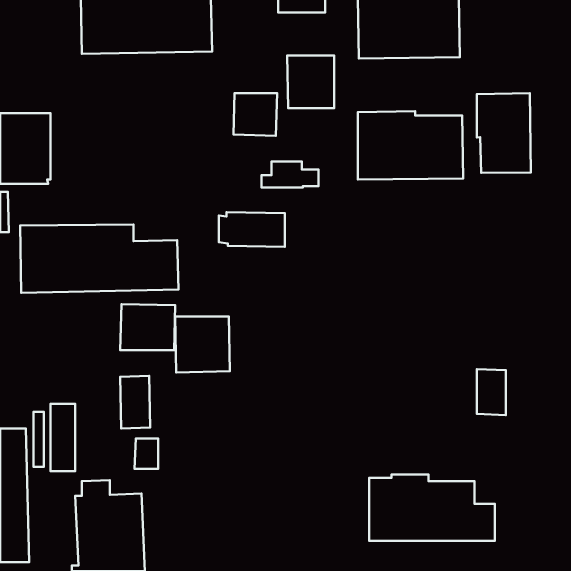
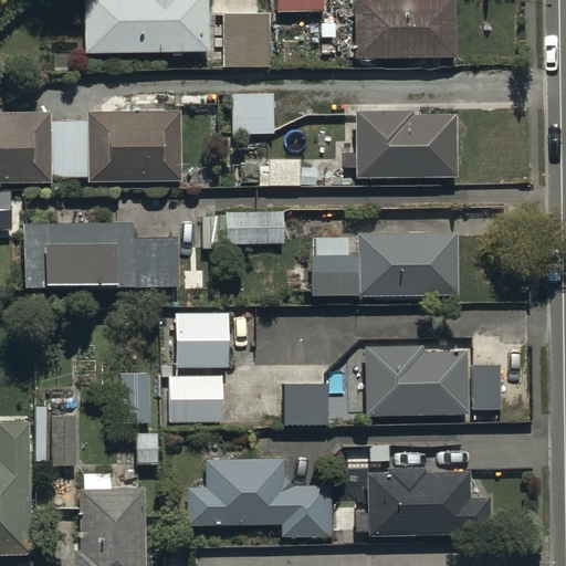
building: [287,56,334,108] -> [223,13,270,65]
building: [477,93,531,173] -> none
building: none -> [52,112,181,180]
building: none -> [312,232,458,296]
building: [120,304,175,350] -> [168,376,222,421]
building: none -> [366,345,468,415]
building: none -> [283,382,327,424]
building: none -> [186,459,332,535]

